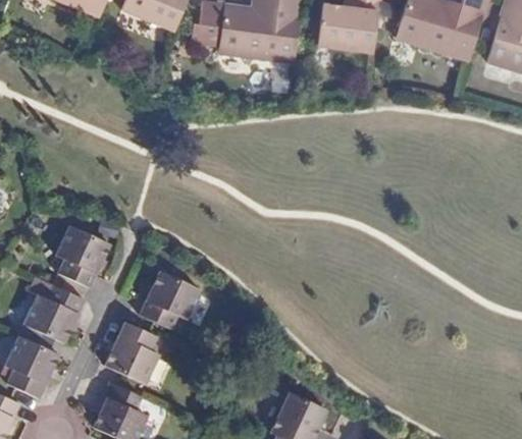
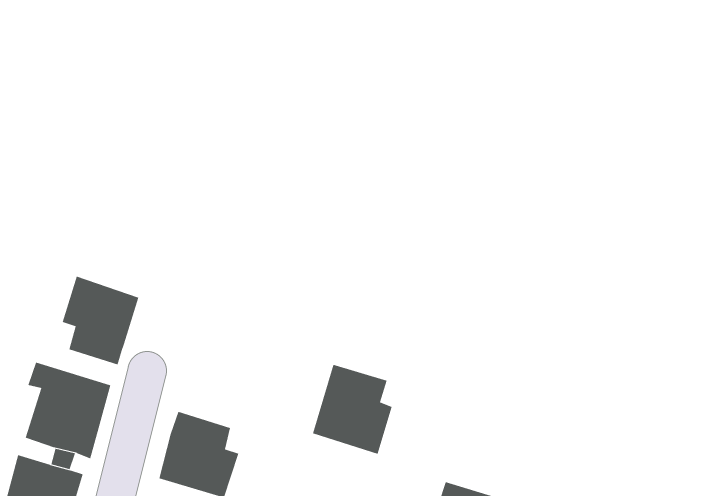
building: [141,271,195,333] -> [312,364,392,455]

